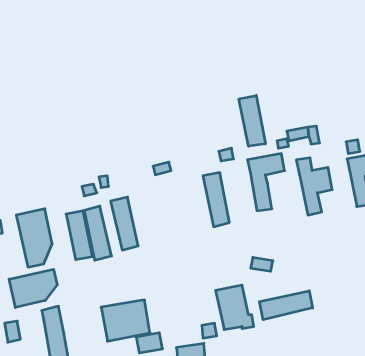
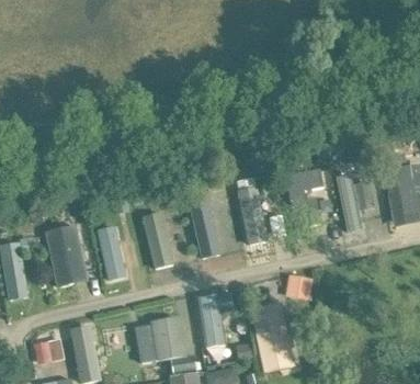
building: [239,95,265,146] -> none
building: [84,206,112,260] -> [191,201,219,257]
building: [9,269,57,308] -> none
building: none -> [200,293,232,347]
building: [259,291,313,320] -> none

